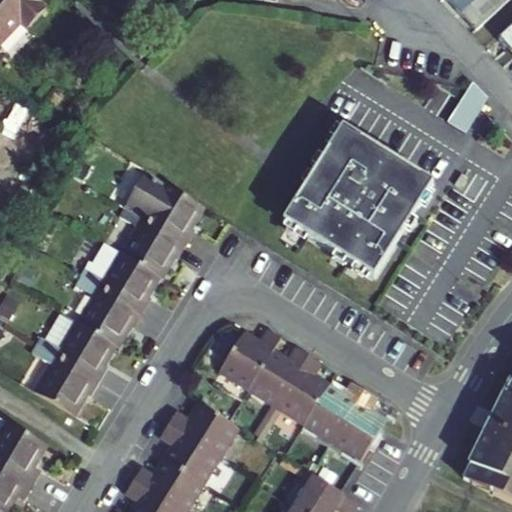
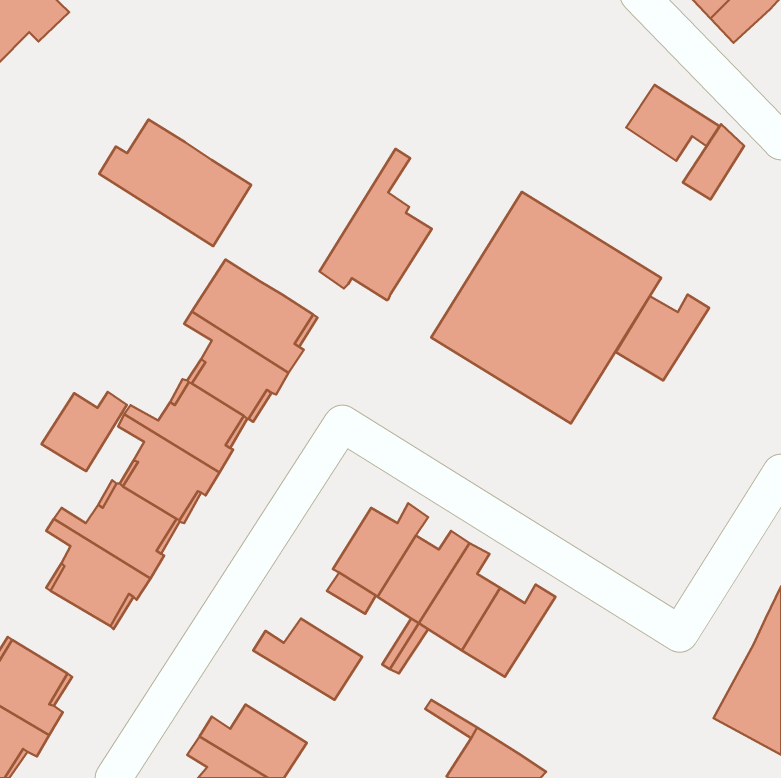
building: none -> [626,85,720,161]
building: none -> [99,119,251,246]
building: none -> [319,149,432,300]
building: none -> [616,295,709,380]
building: none -> [41,392,127,471]
building: [329,389,383,459] -> none
building: [157,424,218,484] -> none

